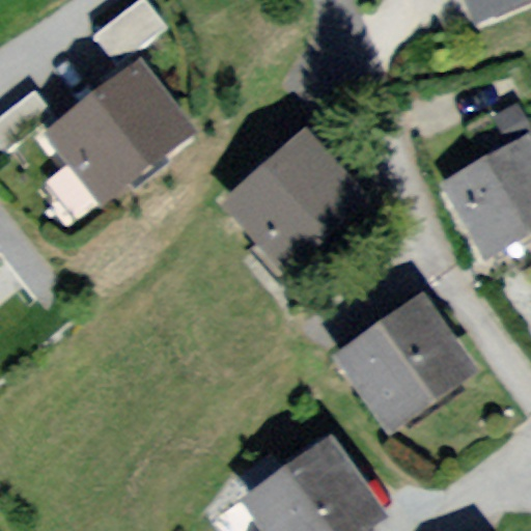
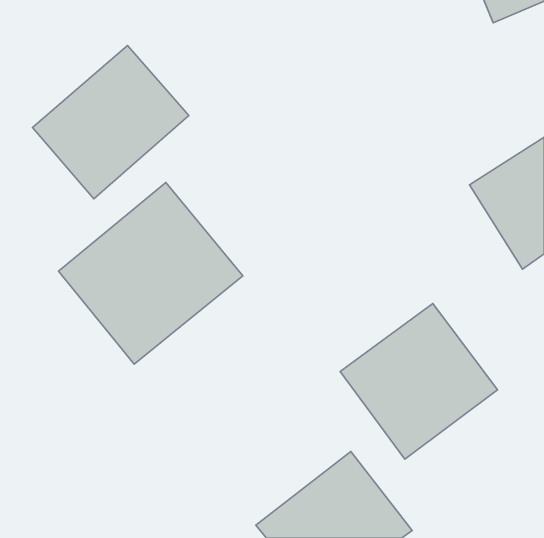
building: [226,130,383,287] -> none
building: none -> [58,182,243,364]

